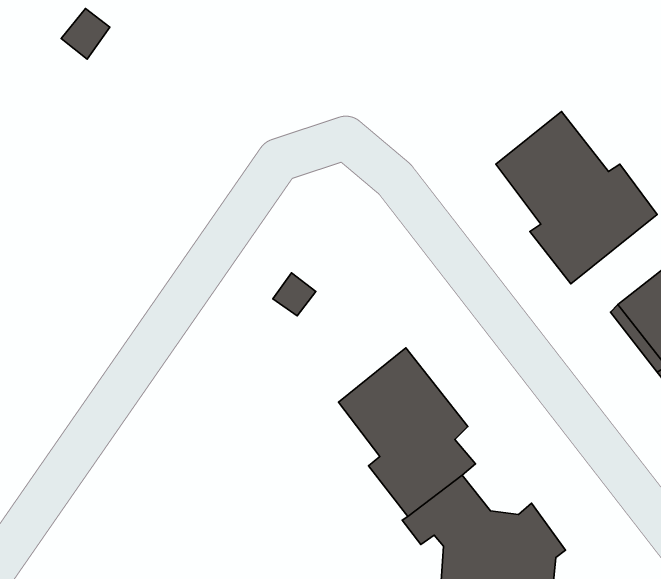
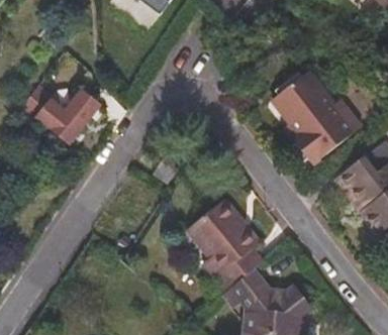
building: none -> [22,89,100,144]

